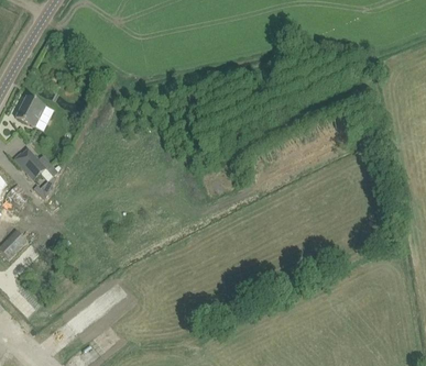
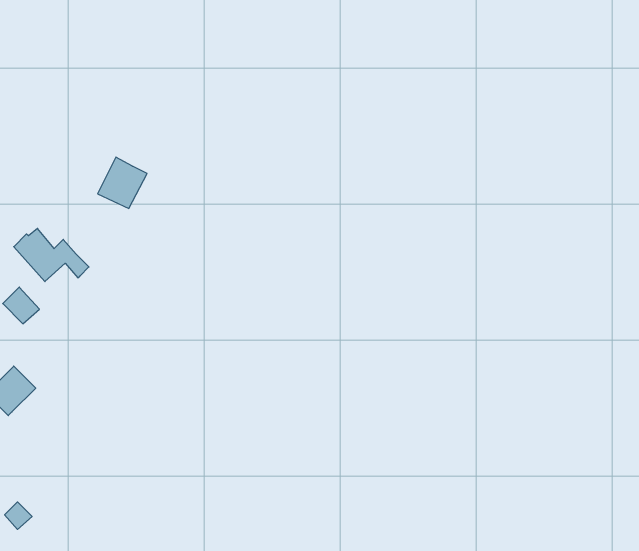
building: [14,95,44,125] -> [98,157,147,208]

